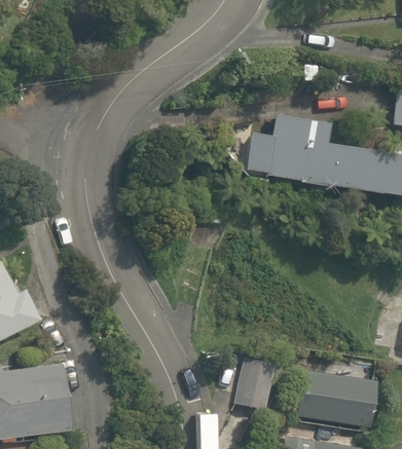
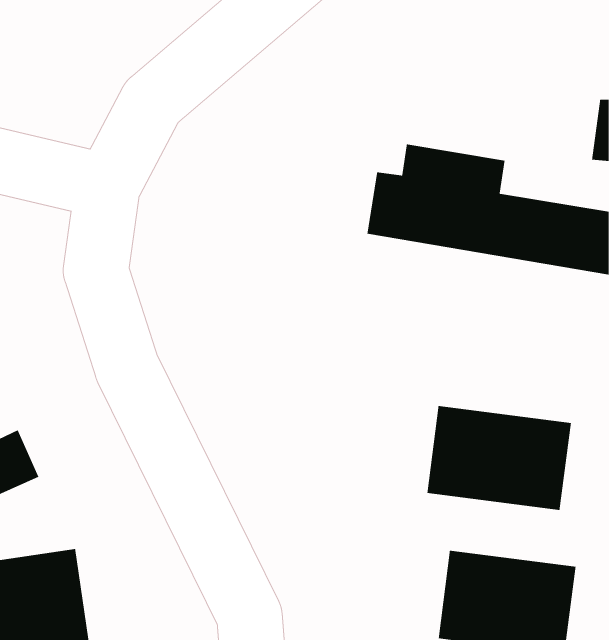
building: none -> [426,405,572,511]
building: [230,357,278,411] -> none

